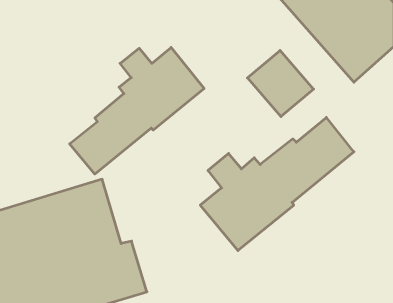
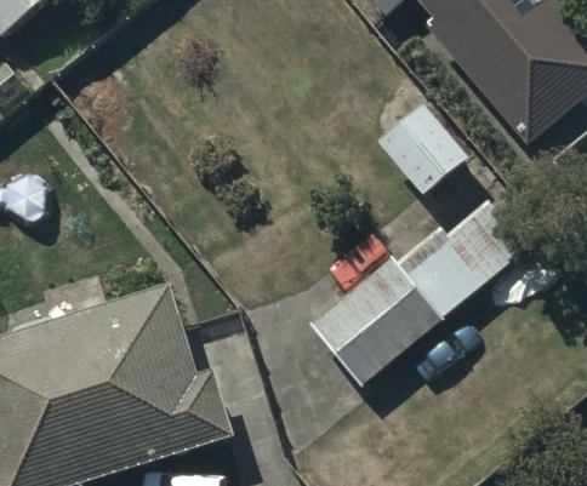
building: [70,47,204,174] -> none

